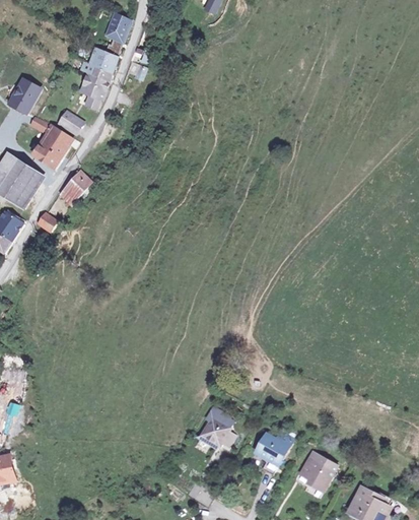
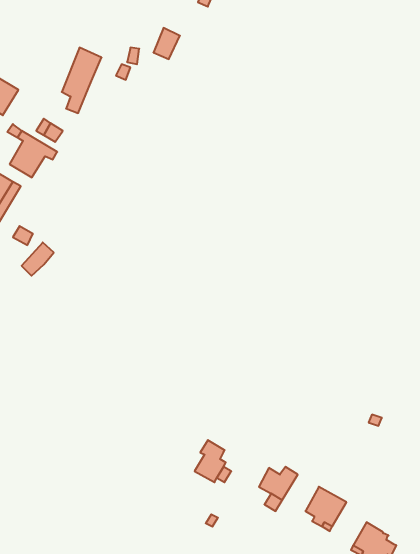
building: [106,15,130,44] -> [153,28,180,59]
building: [60,173,89,203] -> [22,242,54,276]

